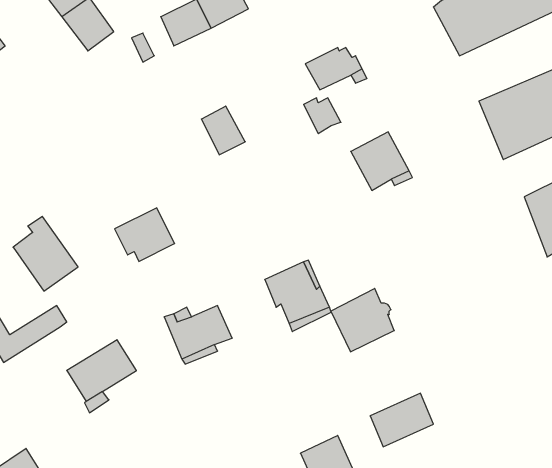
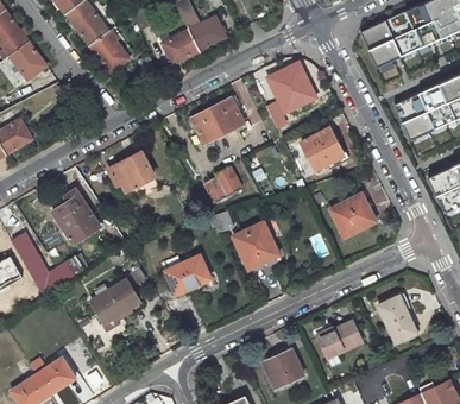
building: none -> [208,96,245,134]
building: none -> [204,166,240,202]
building: [115,208,175,261] -> [108,151,152,190]
building: [331,288,394,352] -> [333,194,379,240]
building: none -> [378,296,414,343]

